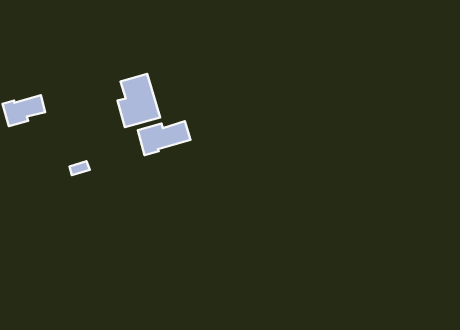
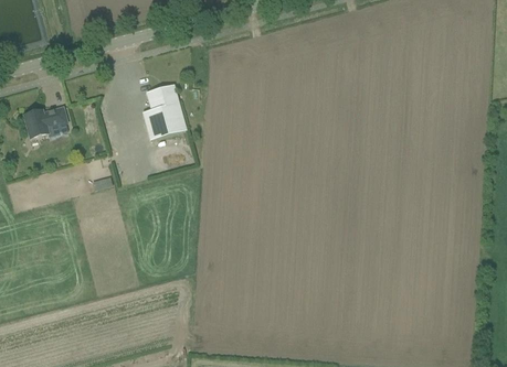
building: [138,121,191,155] -> none

